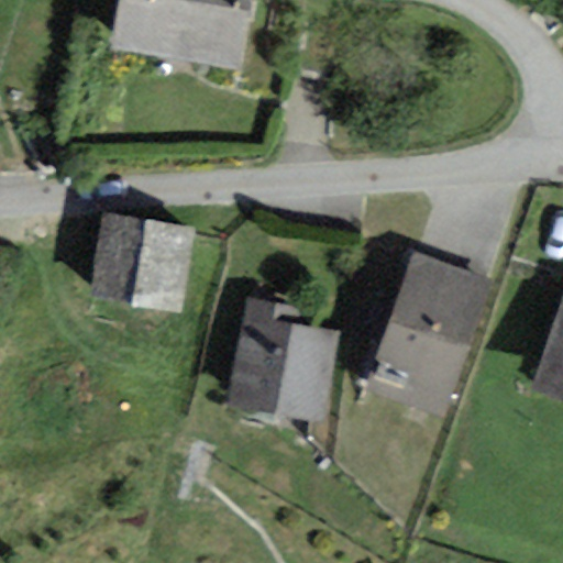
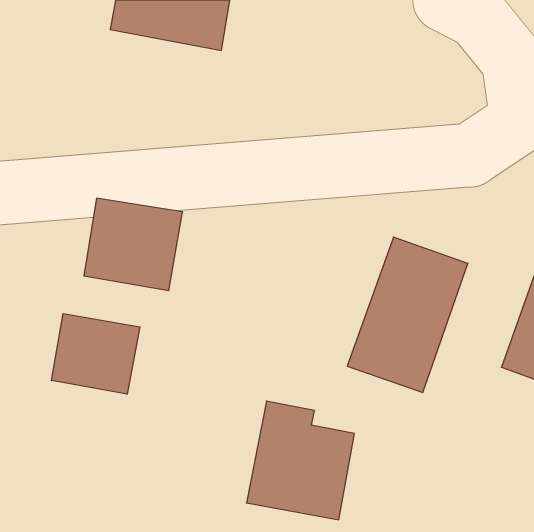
building: [224,298,338,422] -> [246,401,354,520]
building: none -> [51,314,140,394]

